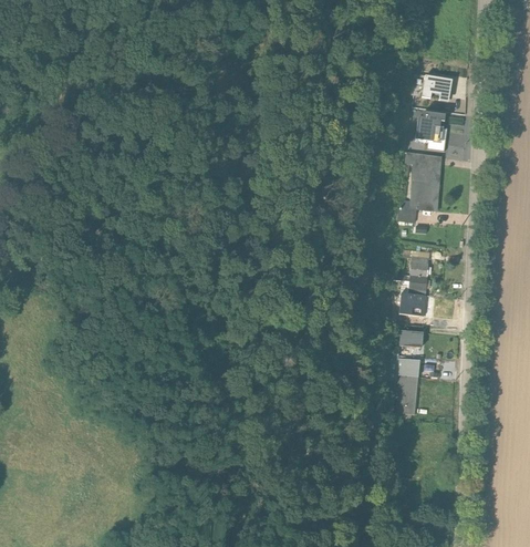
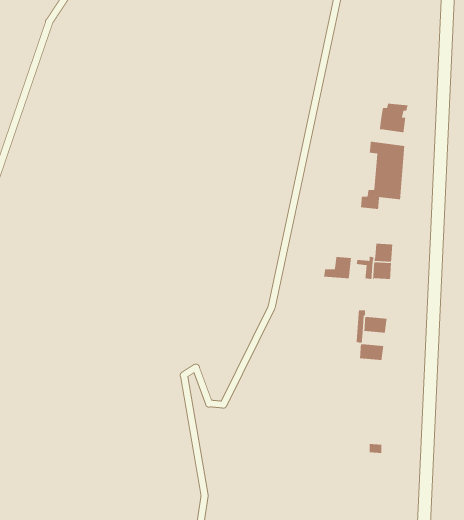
building: [424,69,455,99] -> none
building: [398,291,427,314] -> [323,256,352,279]
building: [394,372,418,419] -> none

